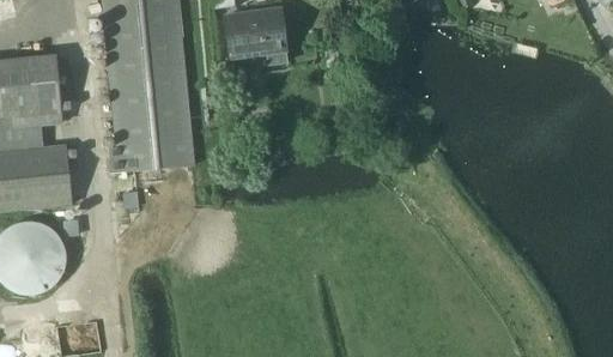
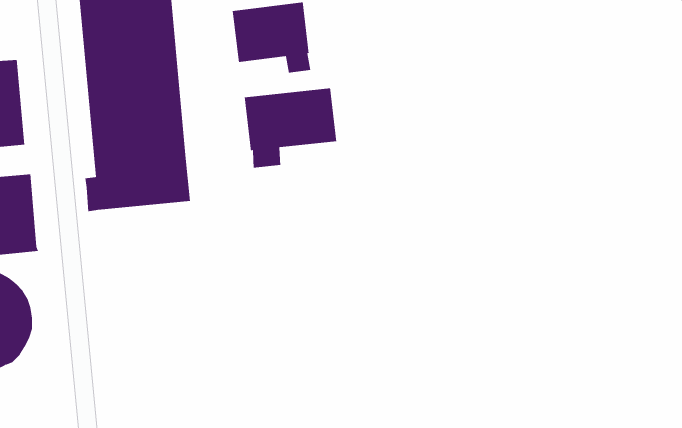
building: none -> [244,88,337,169]

